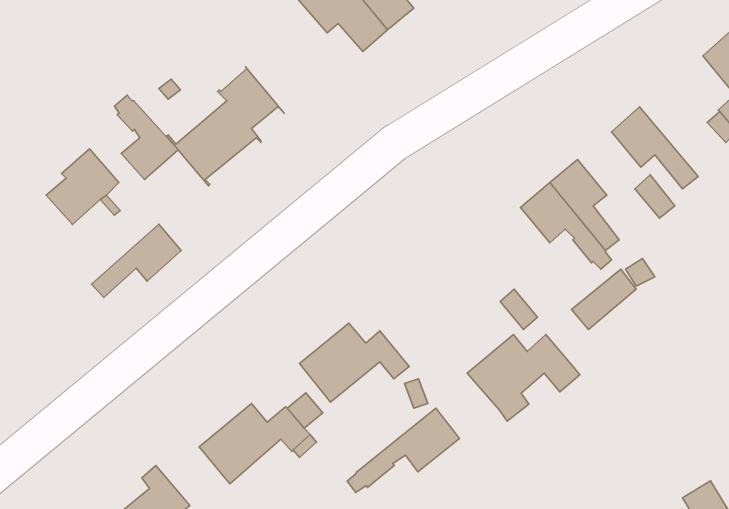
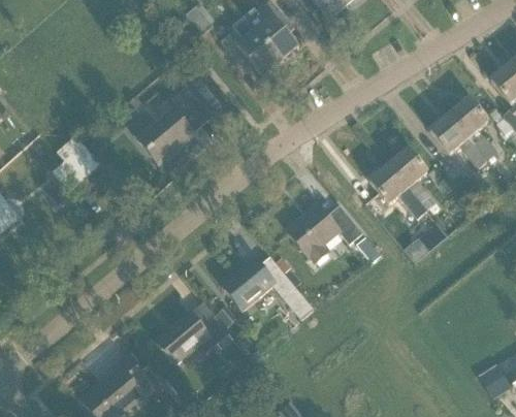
building: none -> [449,97,497,159]
building: [115,95,178,180] -> none
building: [91,224,181,297] -> none
building: [467,335,580,421] -> [287,204,362,262]
building: [347,408,460,493] -> none

